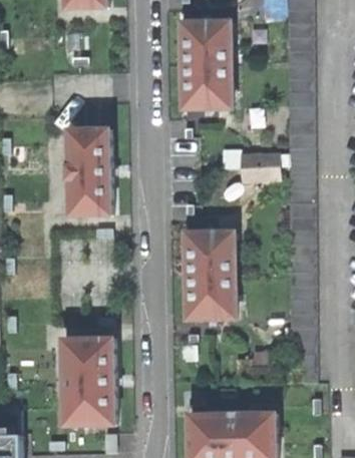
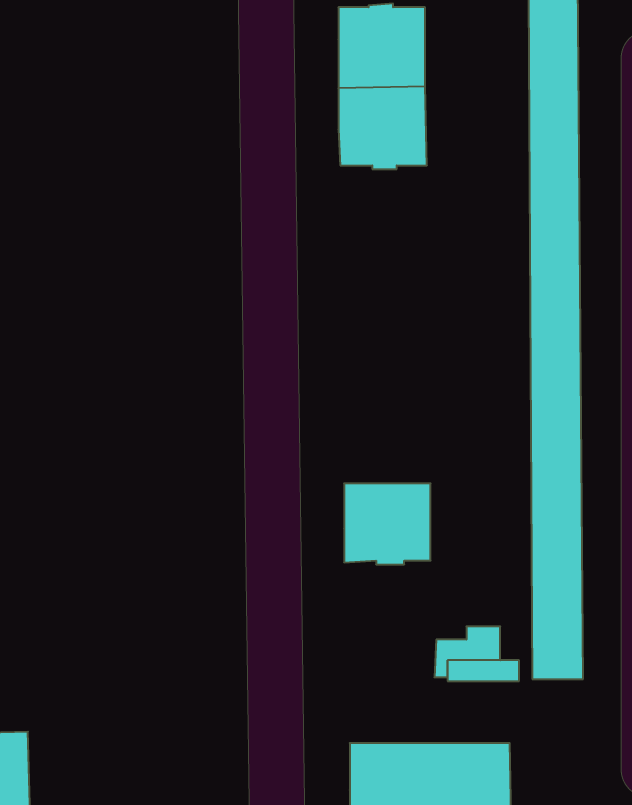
building: [66,128,110,214] -> none
building: [240,156,279,180] -> none
building: [187,231,234,277] -> none
building: [65,340,115,425] -> none

